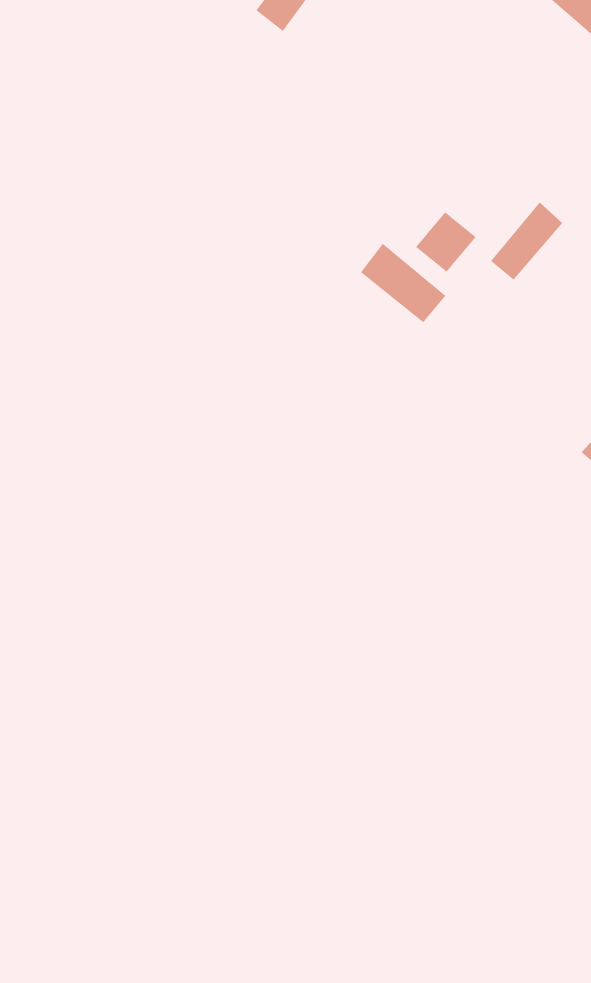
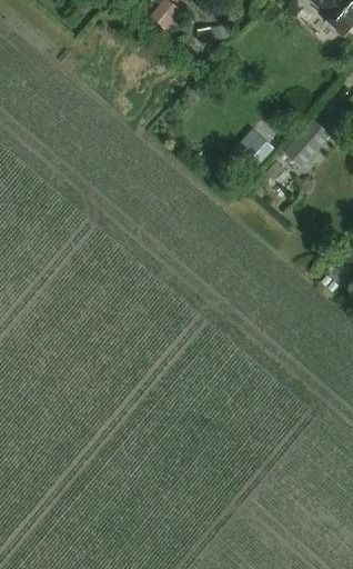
building: [360,243,446,323] -> none

